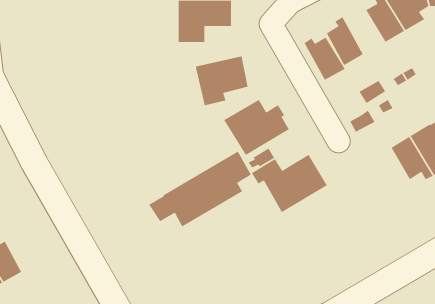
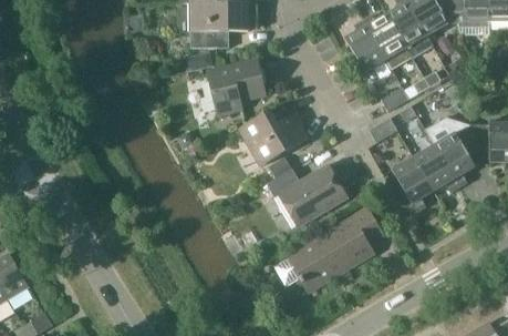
building: [303,36,346,81] -> [363,13,407,60]
building: none -> [392,157,433,212]
building: [148,150,252,228] -> [273,210,382,291]

